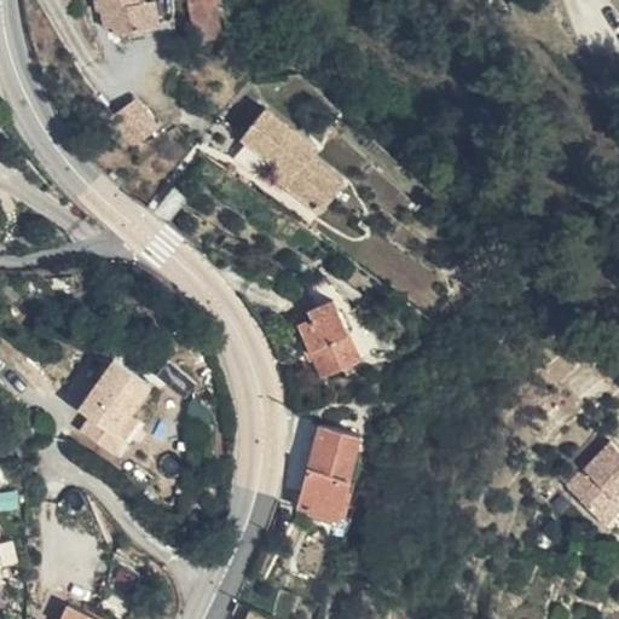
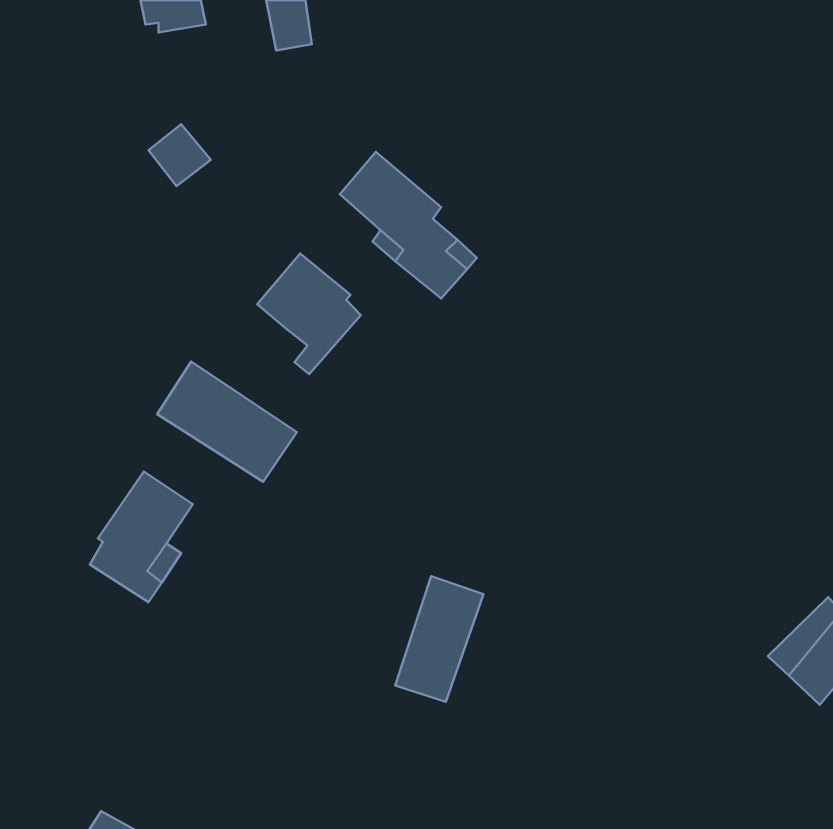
building: none -> [257,254,361,374]
building: none -> [157,362,297,482]
building: [288,301,363,377] -> none

